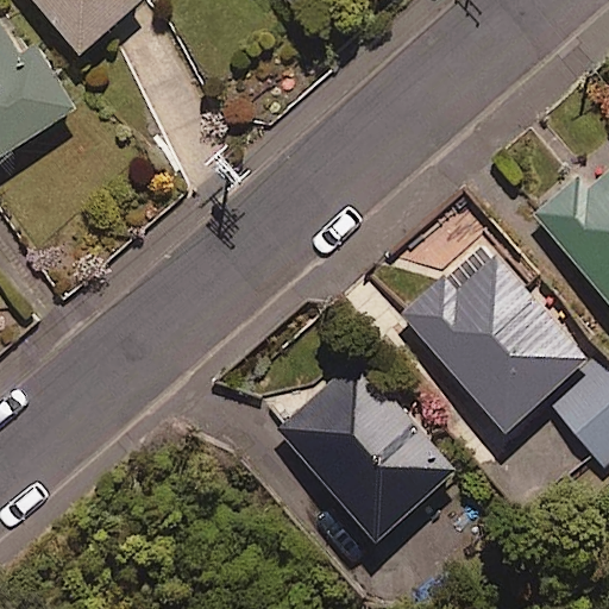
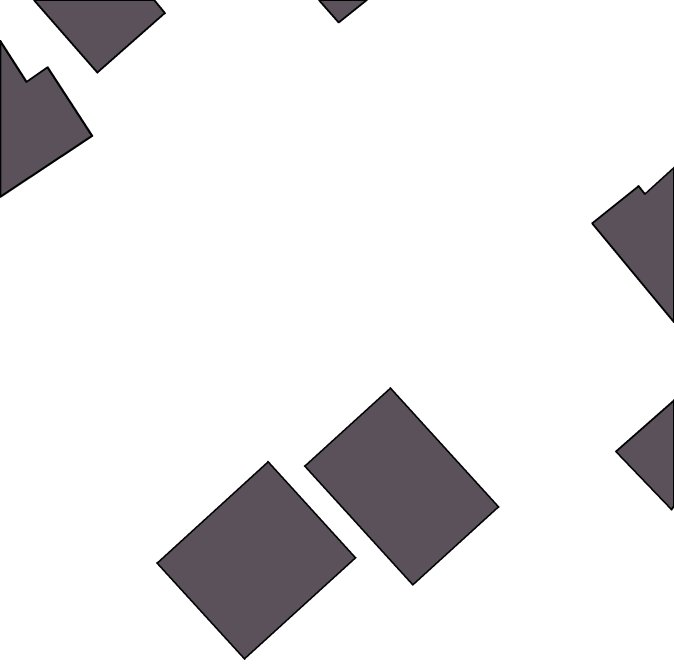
building: [398,245,583,420] -> none
building: none -> [157,462,356,659]

